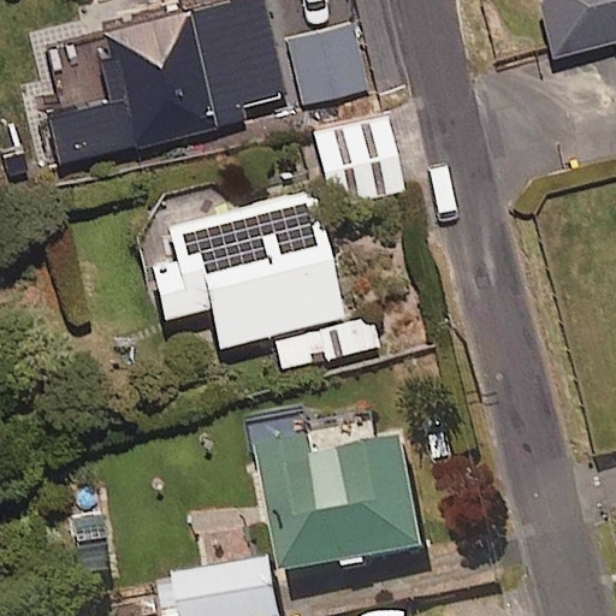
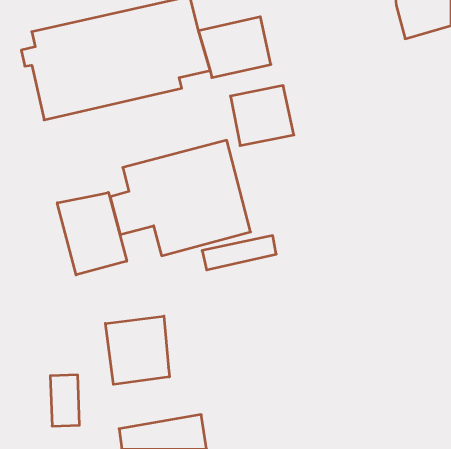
building: none -> [57,192,127,275]
building: none -> [105,316,169,384]
building: [268,443,431,584] -> none

